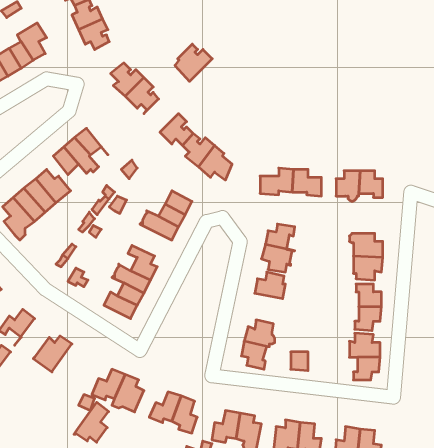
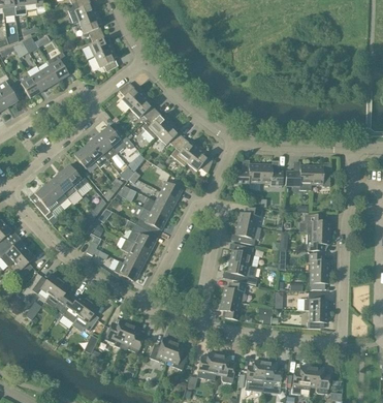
building: [175,44,212,81] -> [141,111,170,140]
building: none -> [99,126,132,154]
building: none -> [134,209,165,232]
building: none -> [227,261,256,285]
building: none -> [43,280,70,311]
building: [74,402,109,442] -> [70,301,97,332]

